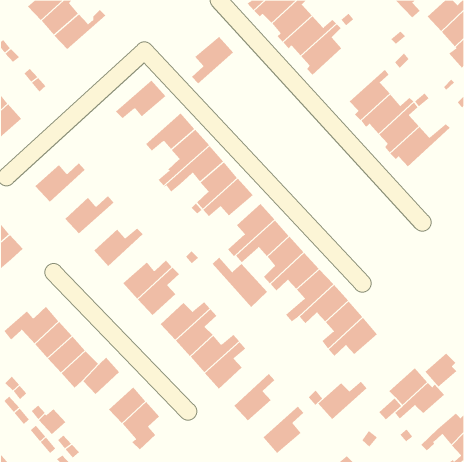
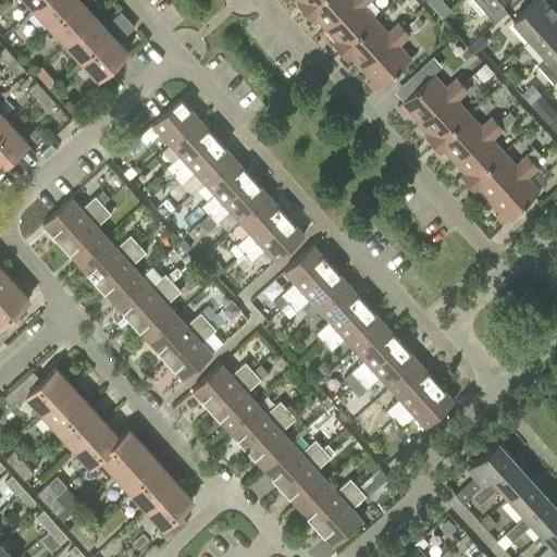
building: none -> [81,21,134,81]
building: [191,36,234,84] -> [165,117,216,175]
building: none -> [396,75,461,124]
building: none -> [488,153,548,225]
building: none -> [60,206,110,264]
building: none -> [95,245,145,302]
building: none -> [129,283,181,342]
building: [212,257,268,308] -> none
building: [424,353,457,387] -> [507,475,546,517]
building: none -> [262,441,322,488]
building: none -> [114,448,160,493]
building: [318,381,368,420] -> [297,480,357,527]

